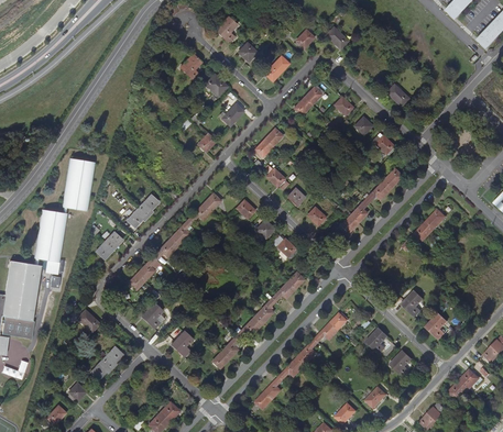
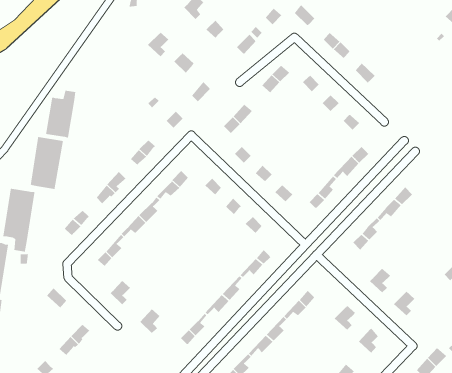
building: none -> [45,90,76,139]

